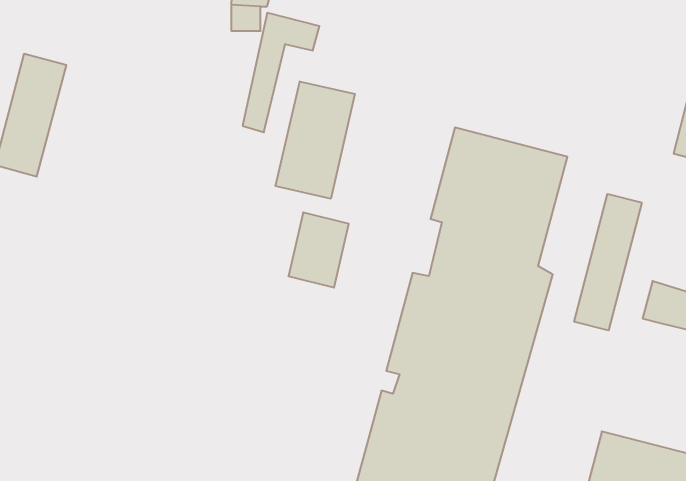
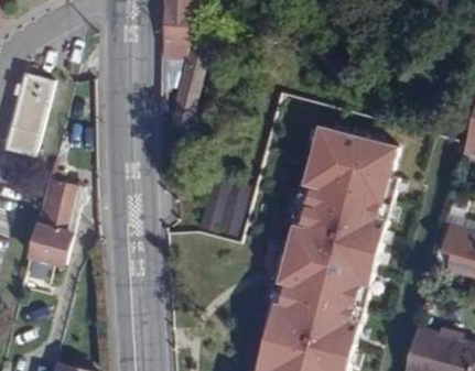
building: [276,81,355,199] -> none
building: none -> [28,142,85,266]
building: [574,194,642,330] -> none

